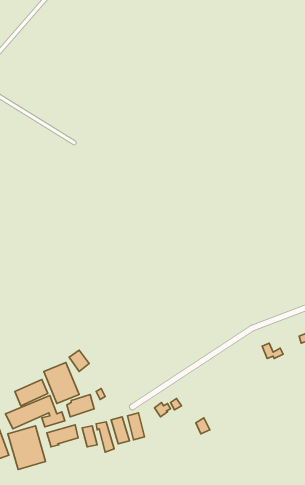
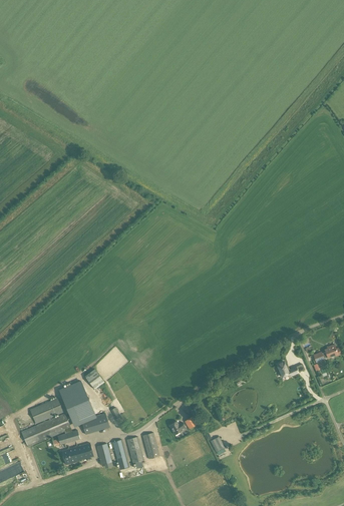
building: [8,426,46,469] -> none

